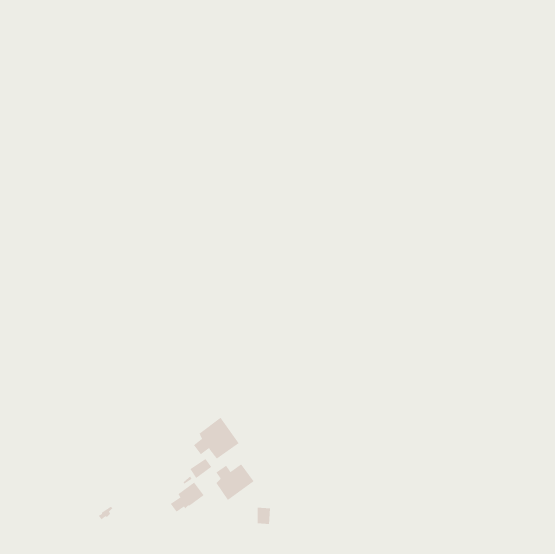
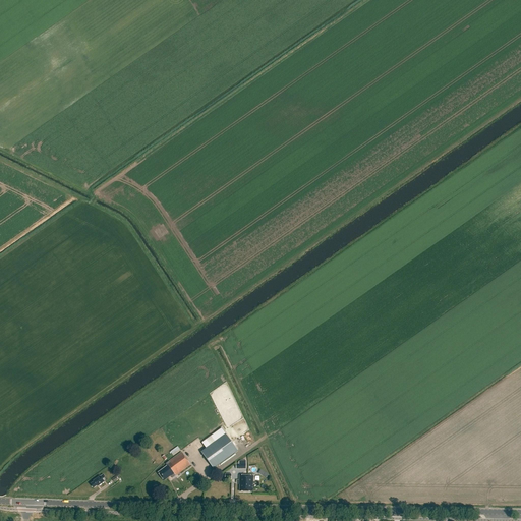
building: [193,417,240,459] -> none

